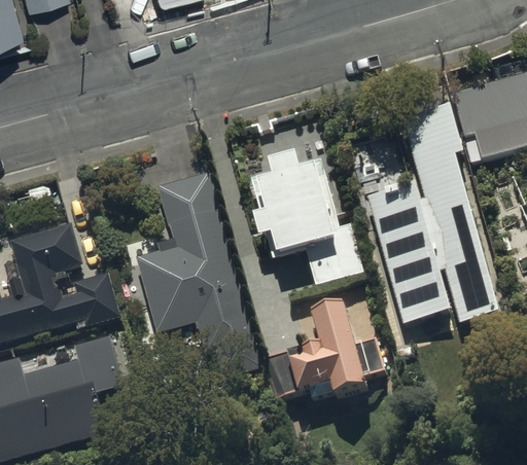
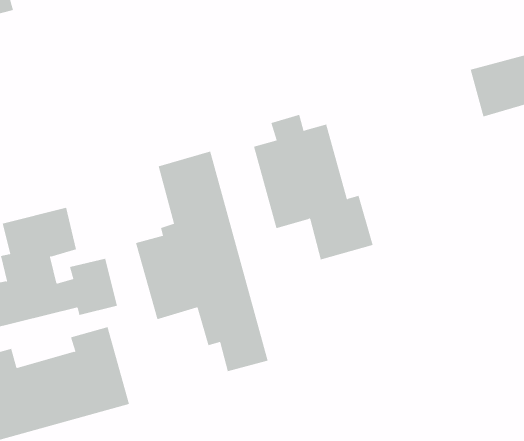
building: [402,107,501,327] -> none
building: [368,186,451,330] -> none
building: [264,294,385,395] -> none

